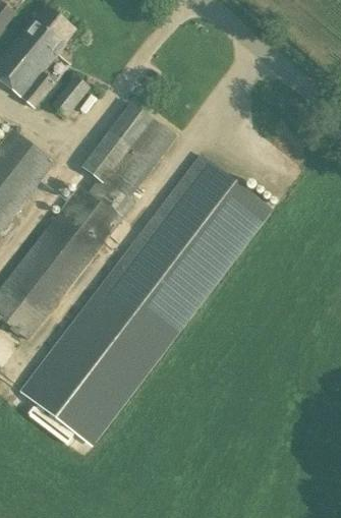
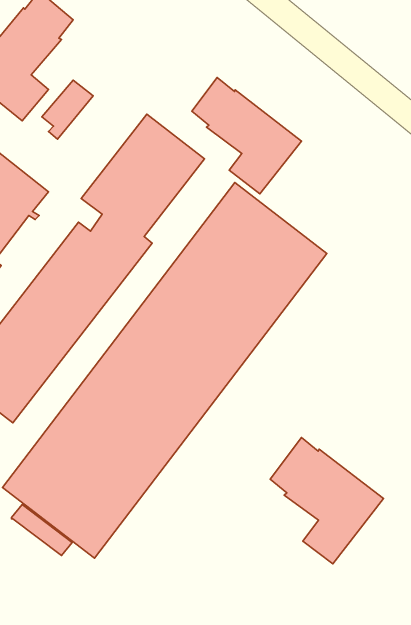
building: none -> [192,77,301,194]
building: none -> [270,438,384,564]

